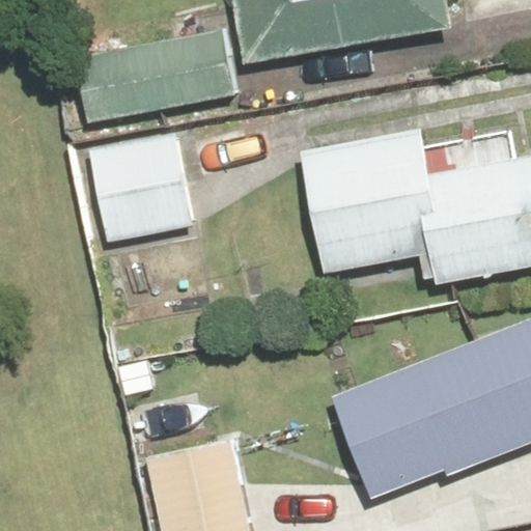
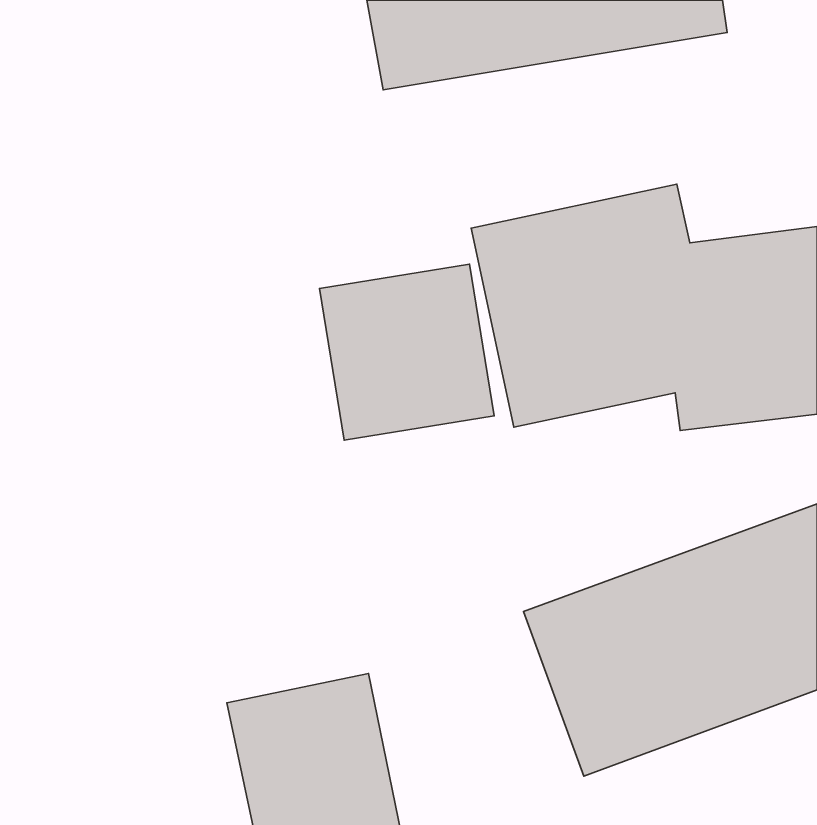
building: [71,20,237,127] -> none
building: [87,133,198,245] -> [320,264,494,440]

